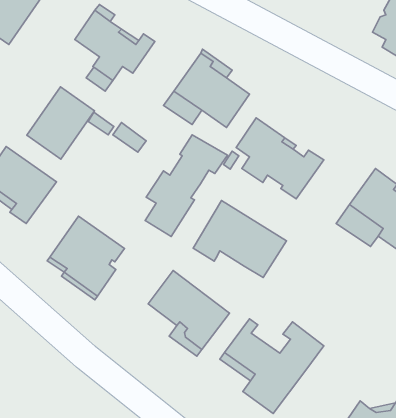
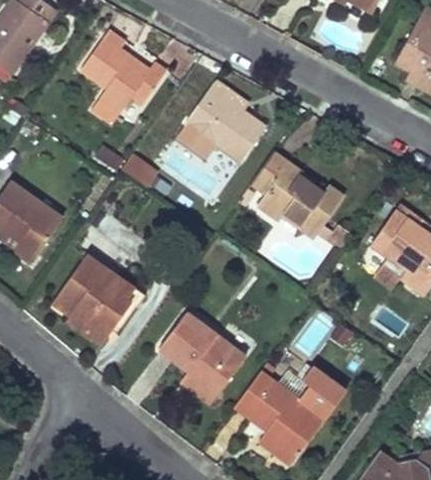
building: [27,87,95,159] -> none
building: [145,135,228,236] -> none
building: [193,200,287,277] -> none

